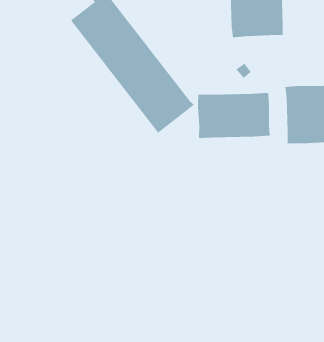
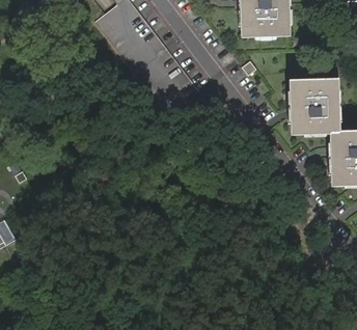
building: [197,92,270,139] -> none

